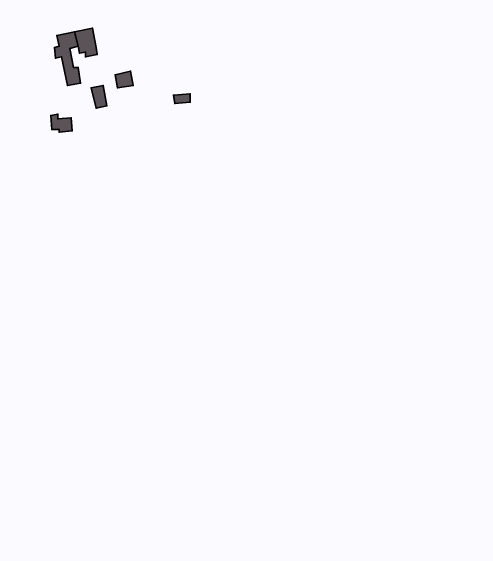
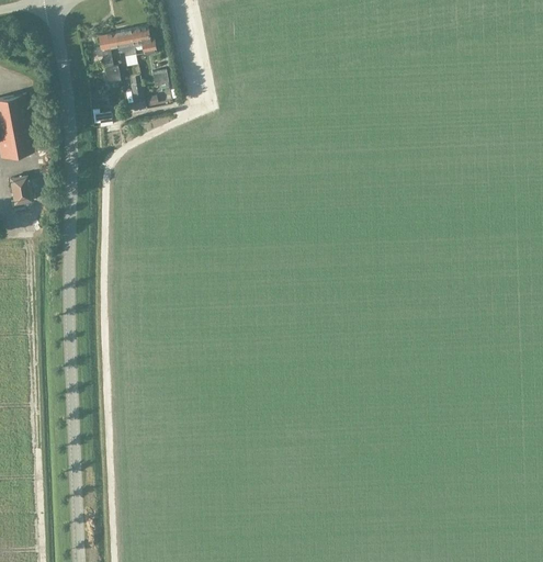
building: none -> [131,27,156,55]

